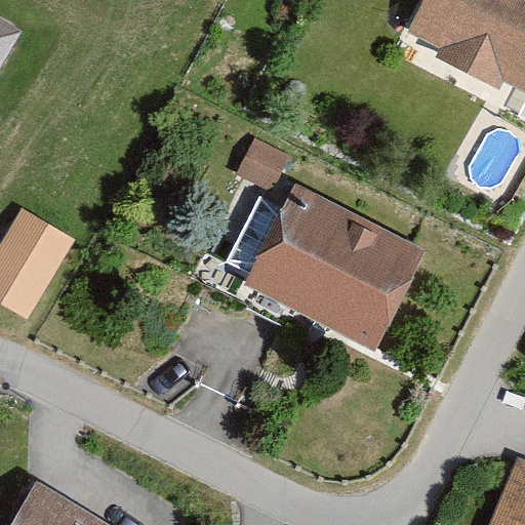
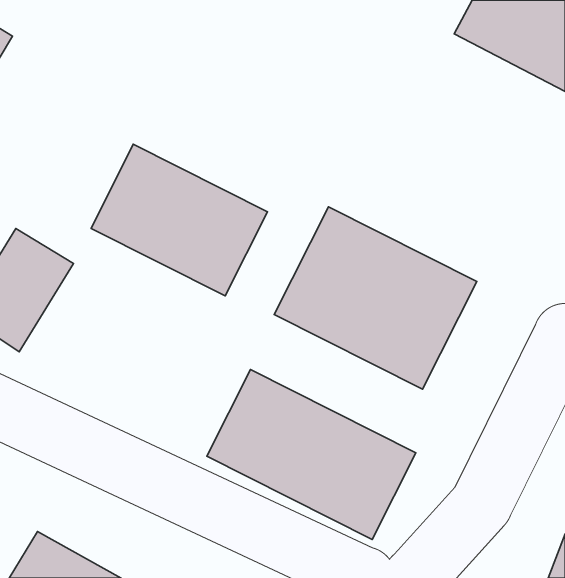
building: none -> [91,144,268,296]
building: none -> [207,369,416,539]

